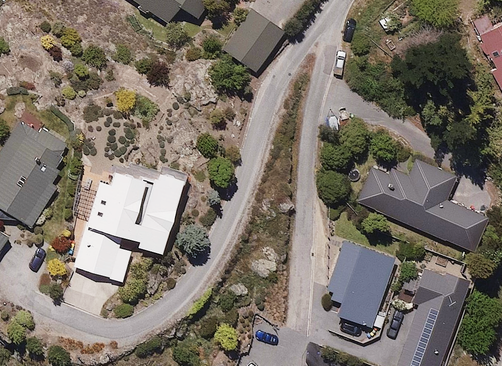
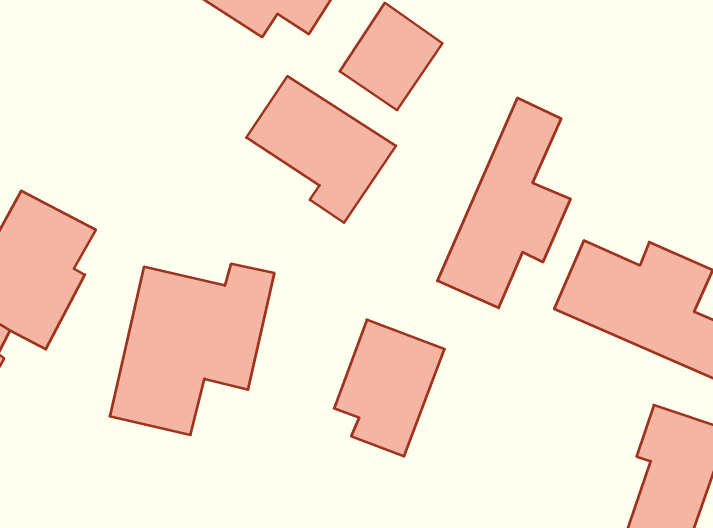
building: none -> [246,76,396,223]
building: none -> [437,98,570,308]
building: [328,238,399,326] -> [334,320,445,456]

